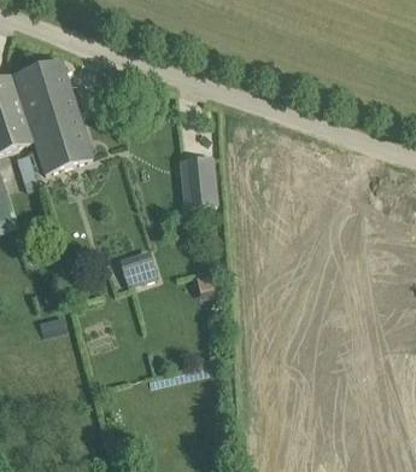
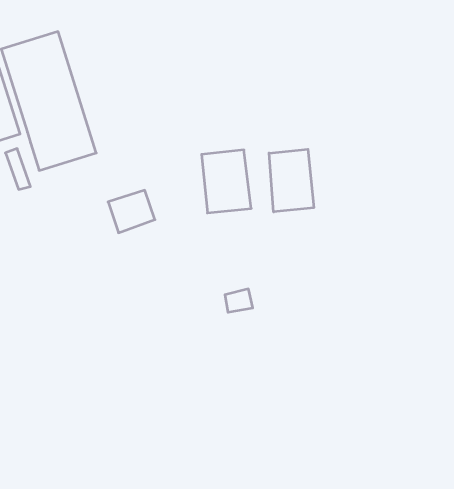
building: none -> [269,149,314,212]
building: [118,251,157,286] -> [108,190,155,233]

